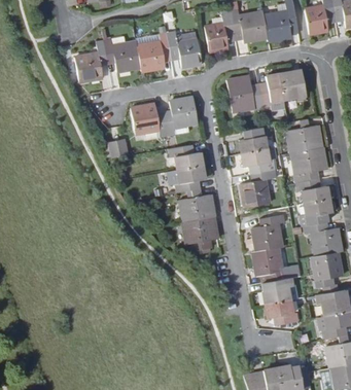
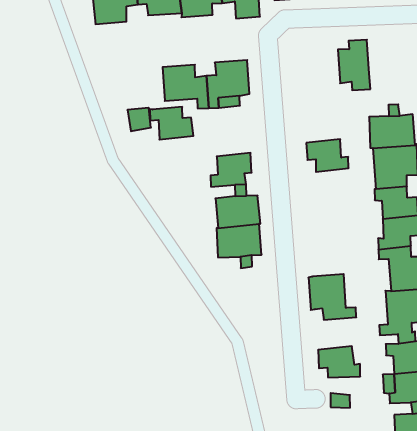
building: [279,70,306,100] -> none
building: [227,75,262,110] -> none
building: [240,126,269,153] -> none
building: [168,144,202,170] -> [150,107,193,140]
building: [241,169,277,206] -> none
building: [252,214,284,251] -> none
building: [264,278,297,305] -> none

